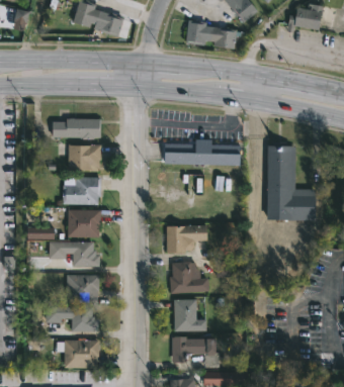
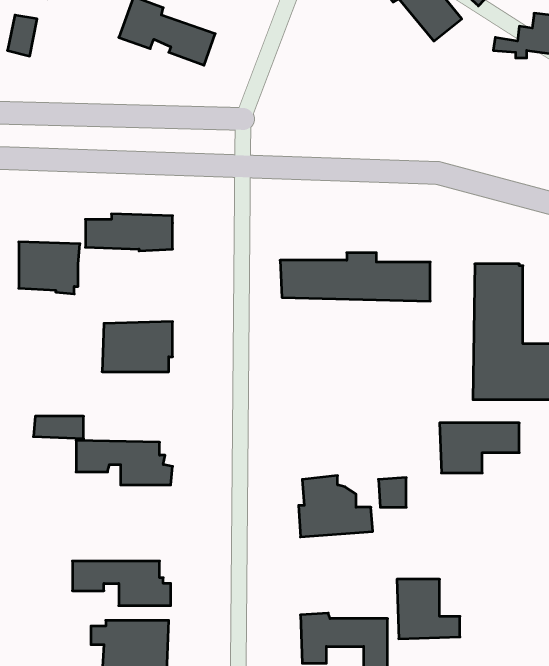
building: [187,21,238,52] -> none
building: [70,143,103,172] -> [19,242,80,294]
building: [69,209,101,237] -> none
building: [167,225,210,253] -> [440,423,519,473]
building: [68,275,102,302] -> none
building: [175,299,209,331] -> [397,579,460,639]

